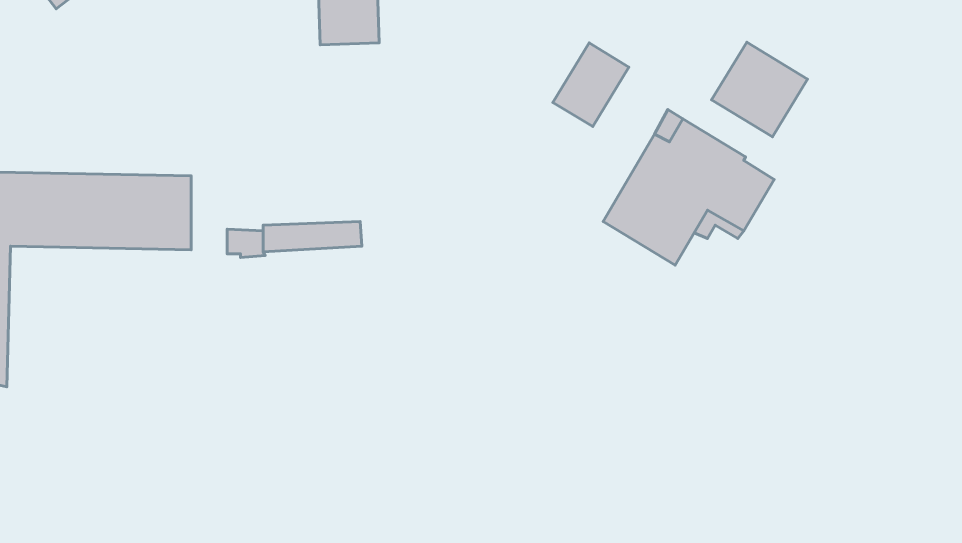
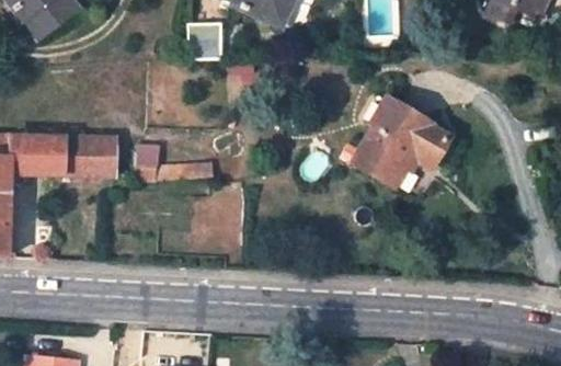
building: [712,42,808,137] -> none
building: [553,43,629,127] -> none

